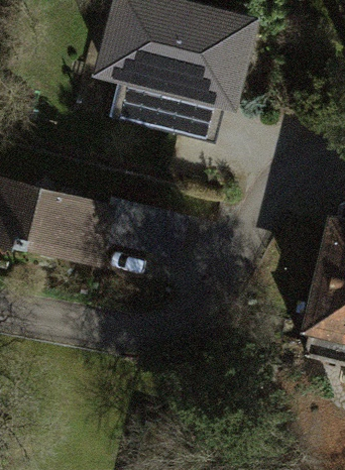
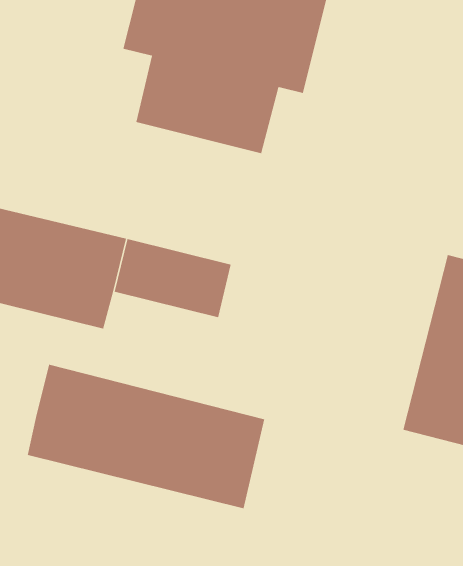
building: none -> [27,364,265,509]

